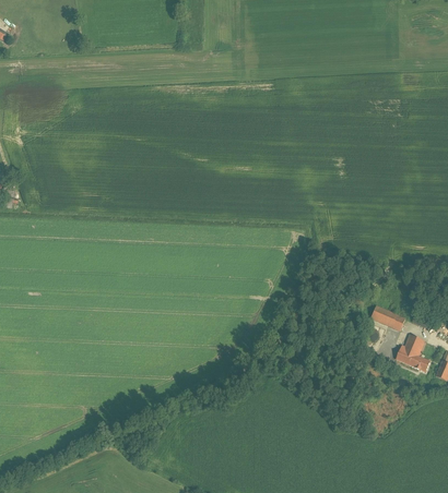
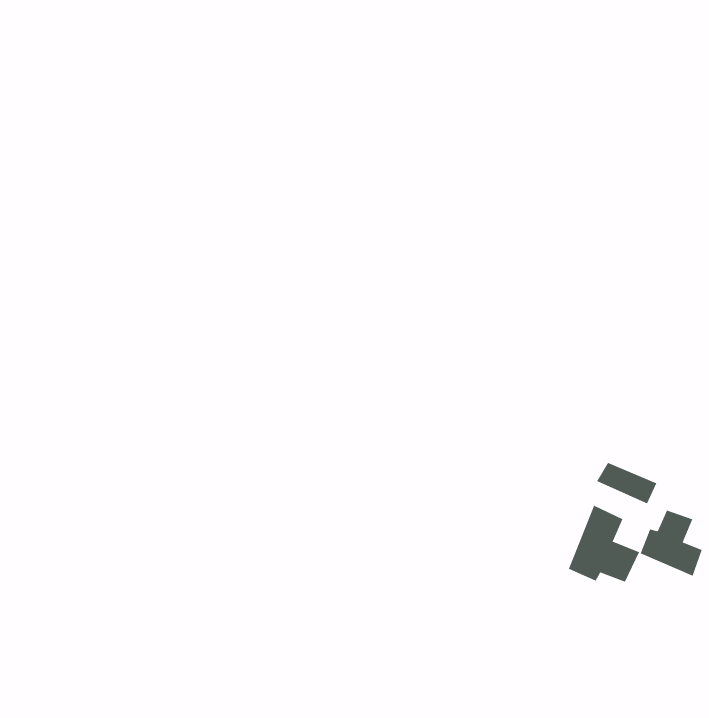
building: none -> [568,505,640,582]

